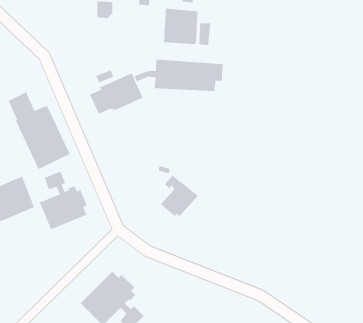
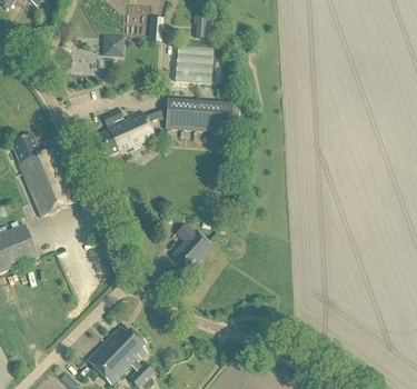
building: [39,171,87,230] -> none

